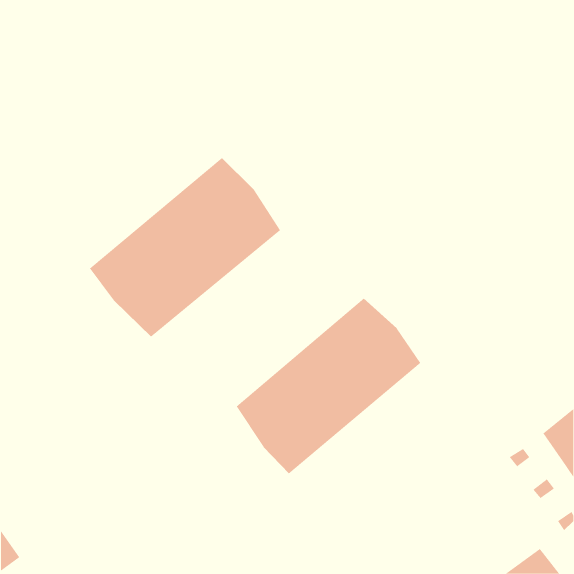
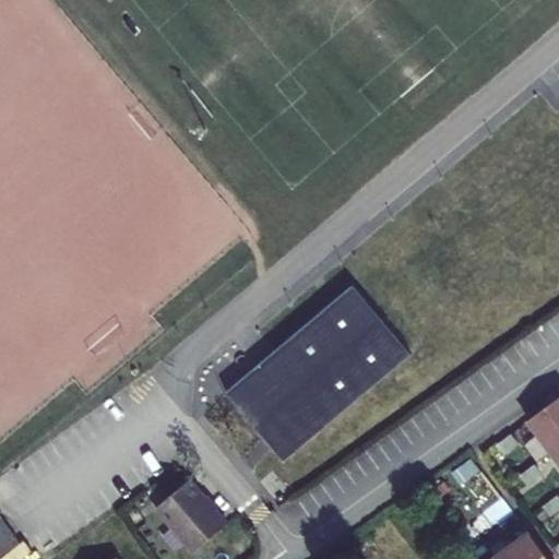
building: [89,157,281,338] -> none
building: none -> [155,480,226,552]

